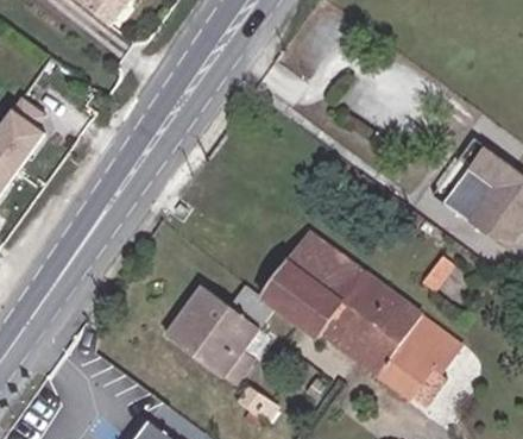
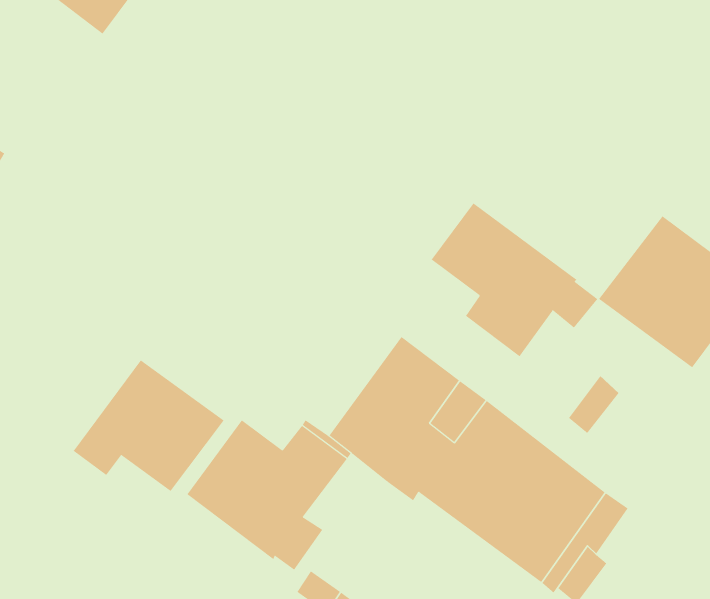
building: none -> [431,203,598,357]
building: none -> [73,359,225,492]

